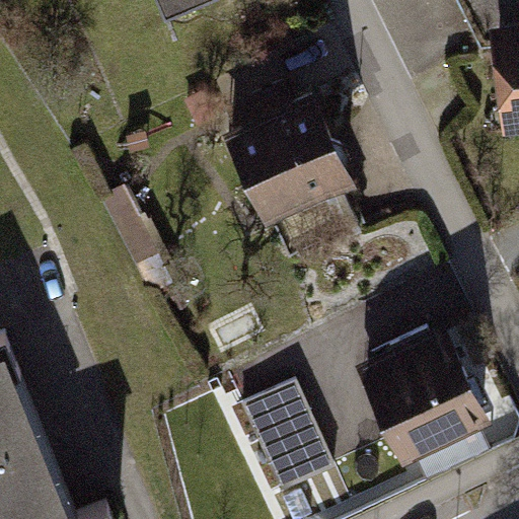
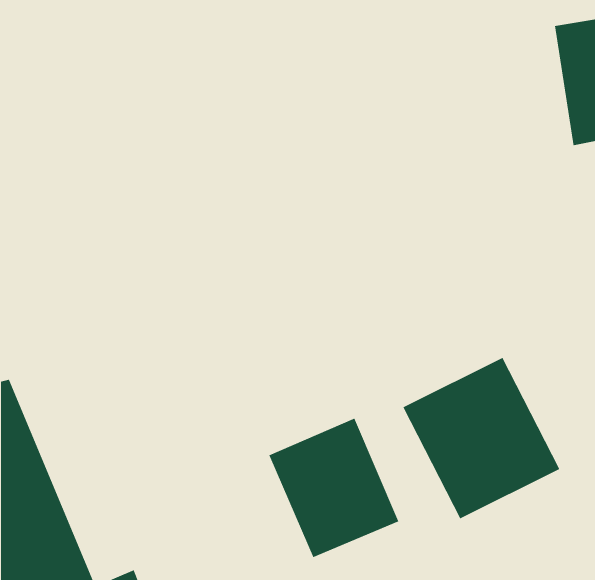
building: [215,92,350,227] -> none

